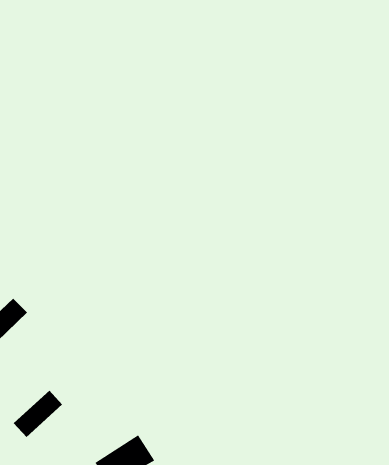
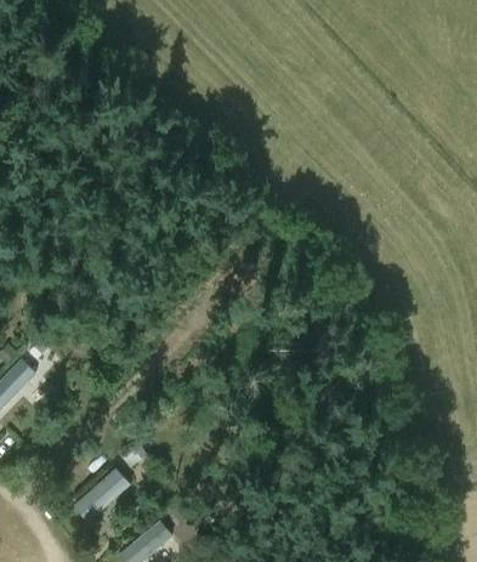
building: [13,390,63,438] -> [72,466,130,522]

